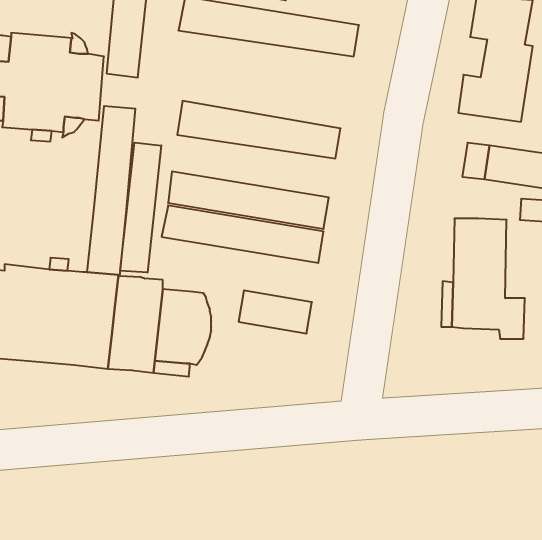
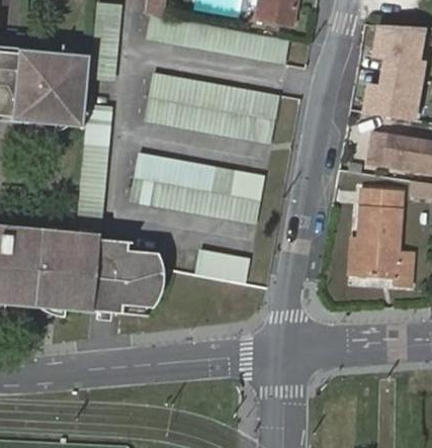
building: none -> [150,76,276,119]
building: [120,143,161,273] -> none

